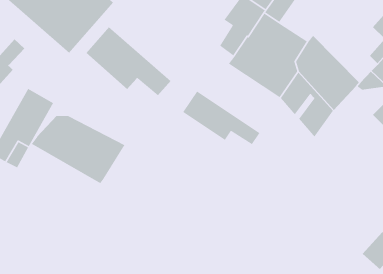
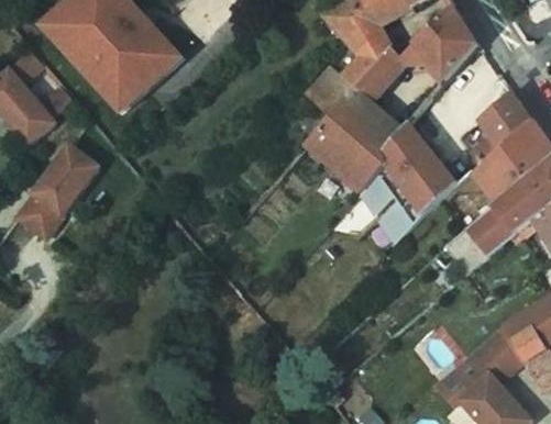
building: [86,26,171,96] -> none
building: [182,91,260,145] -> none
building: [31,115,126,184] -> none

